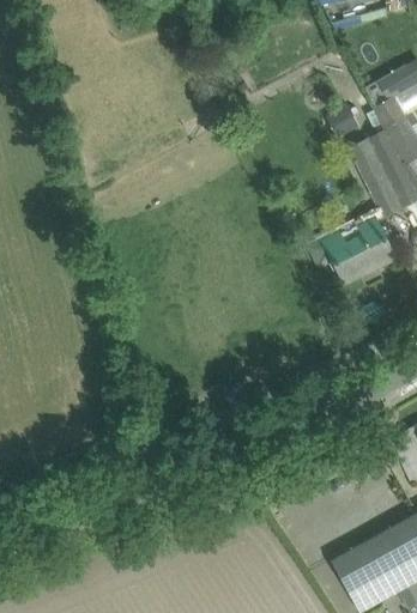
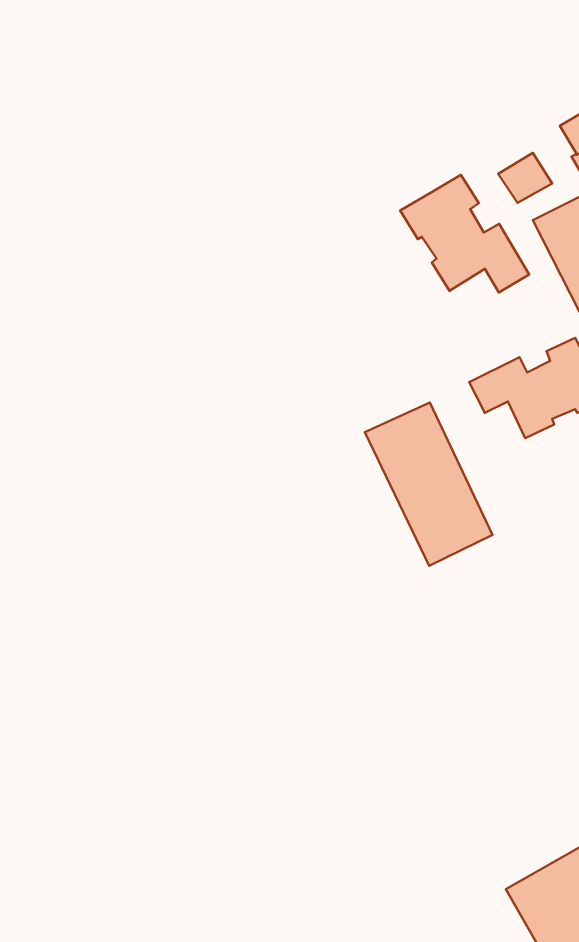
building: none -> [400,175,529,292]
building: none -> [365,402,492,566]

